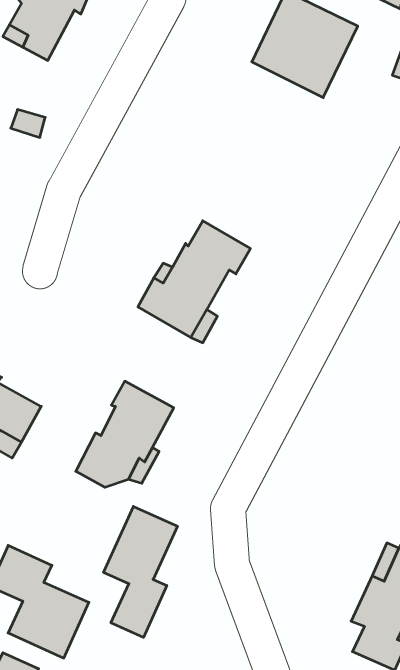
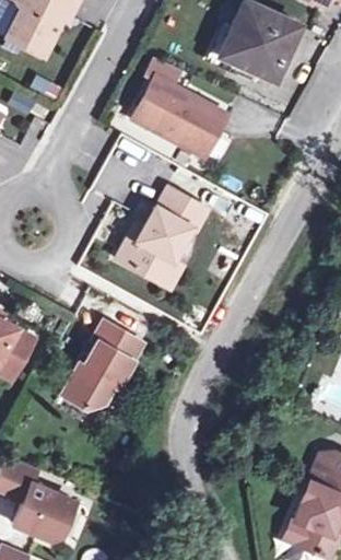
building: none -> [132,59,237,163]
building: [104,506,177,637] -> none

